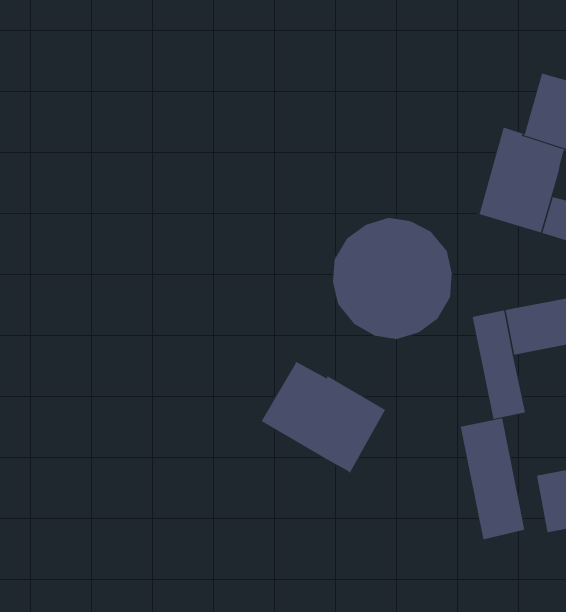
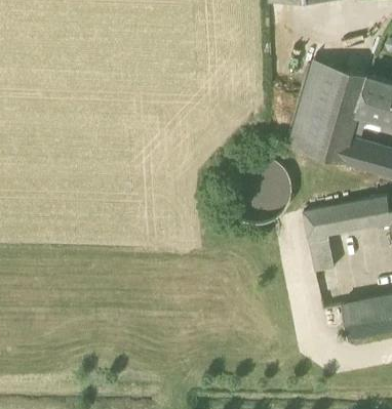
building: none -> [289,60,345,152]
building: [261,361,386,474] -> none
building: [460,418,525,540] -> none

